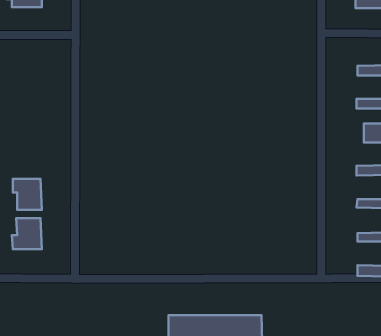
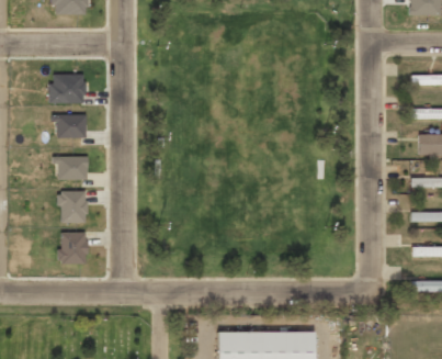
building: none -> [50,74,84,103]
building: none -> [55,114,86,138]
building: none -> [55,155,88,179]

